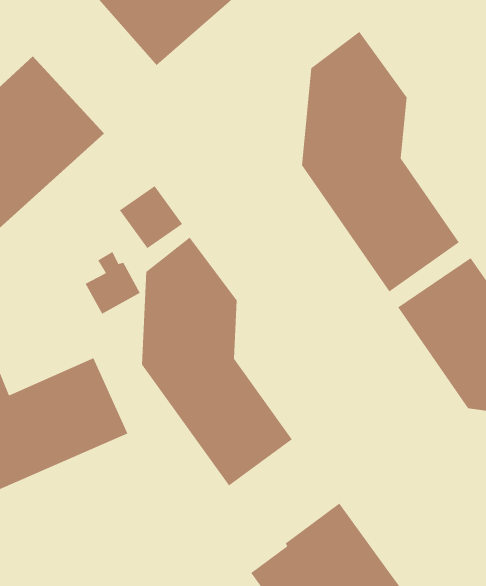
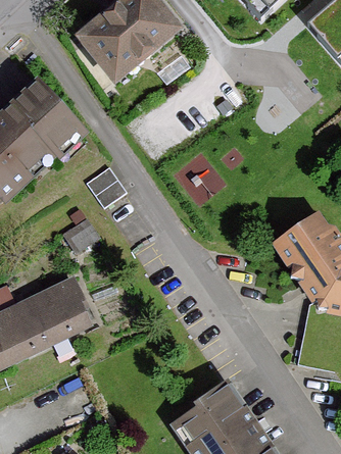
building: [301,31,460,293] -> none
building: [141,237,293,486] -> none

